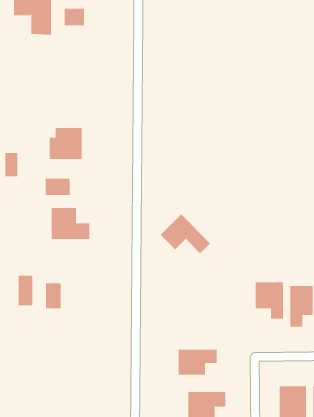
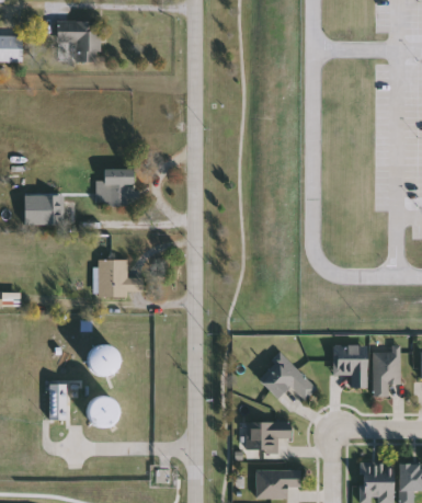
building: [64,8,85,26] -> none
building: [45,178,70,196] -> none
building: [160,214,211,254] -> [259,354,317,400]
building: [18,275,33,306] -> [52,385,69,420]
building: none -> [89,396,117,430]

